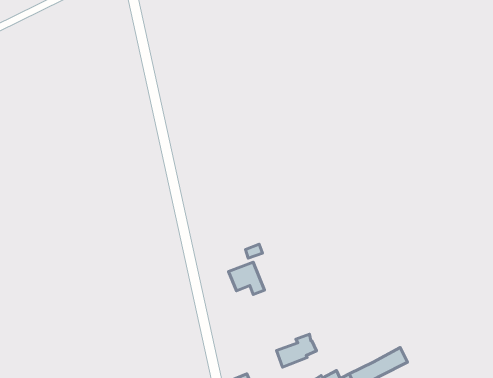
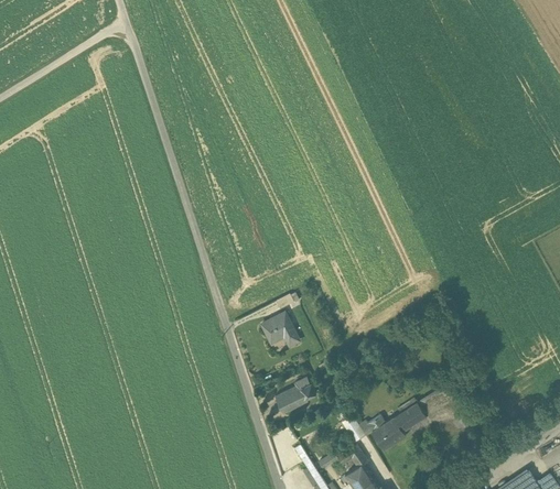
building: [277,334,316,367] -> [276,377,316,413]

